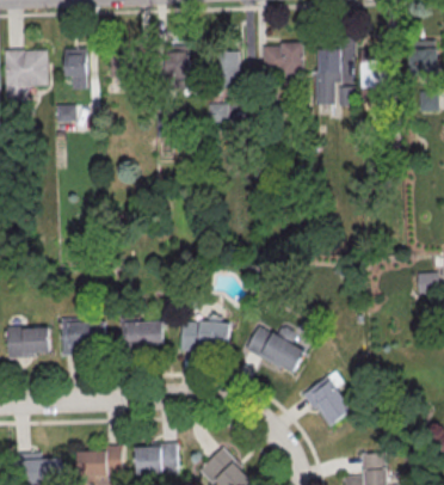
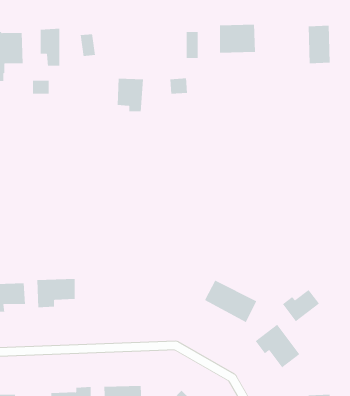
building: [316,44,340,104] -> none
building: [164,50,193,87] -> [117,78,144,112]
building: [180,317,229,351] -> none
building: [119,323,164,355] -> none
building: none -> [282,289,320,322]

